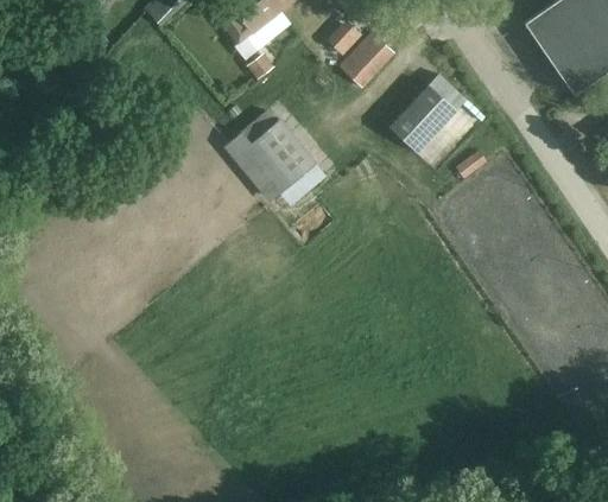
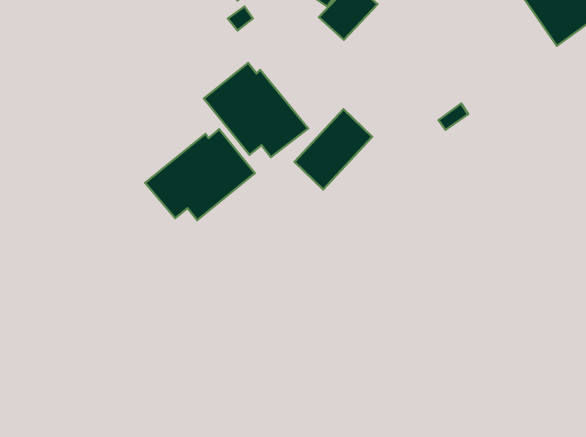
building: [391,74,468,153] -> [294,109,372,189]
building: none -> [145,129,255,220]

